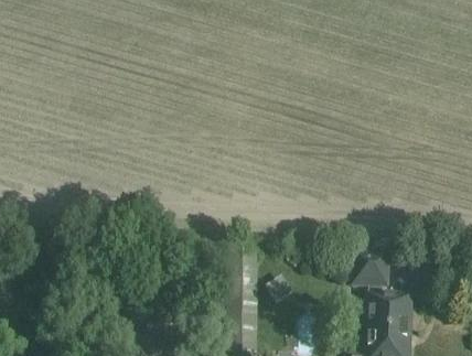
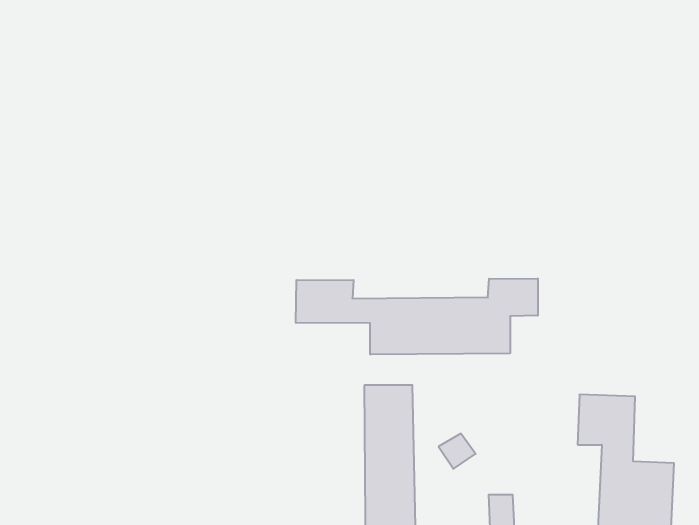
building: none -> [296,278,538,355]

